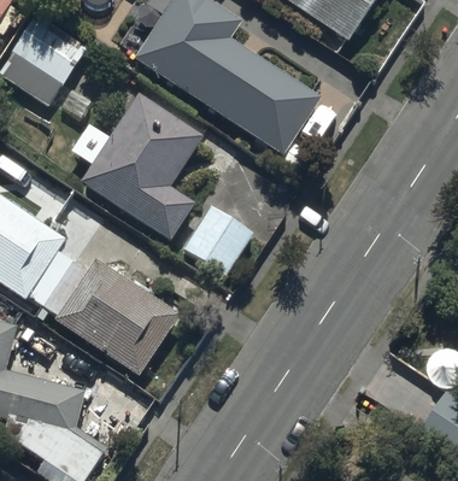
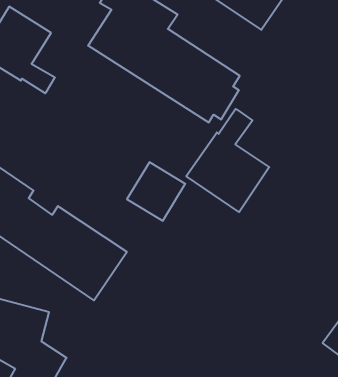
building: [61,92,205,240] -> none
building: none -> [186,109,269,212]

